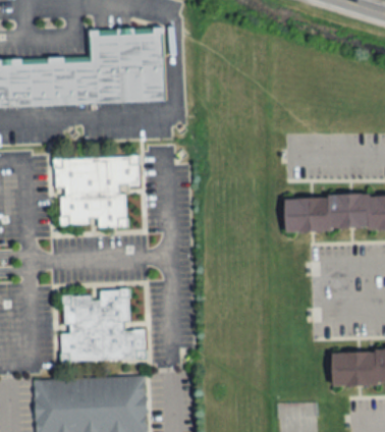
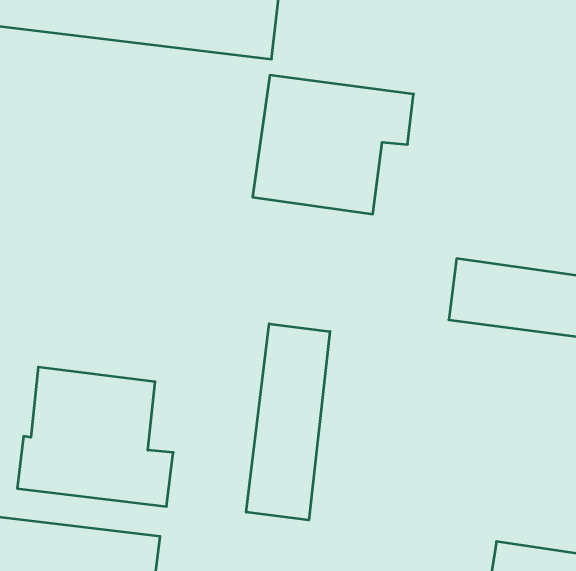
building: [56,156,139,227] -> [253,75,414,214]
building: none -> [246,324,330,520]

